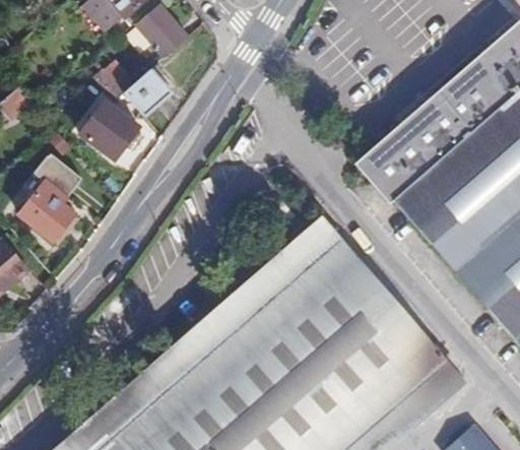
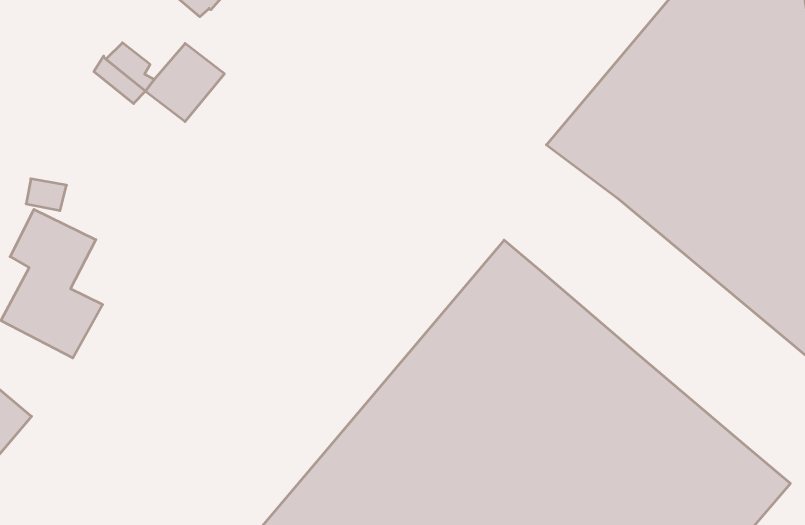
building: [78,101,137,157] -> none

